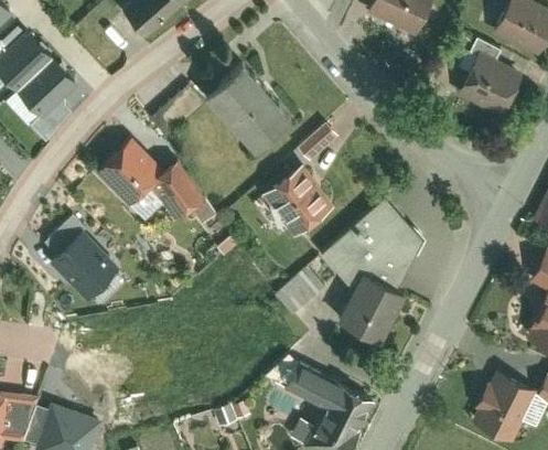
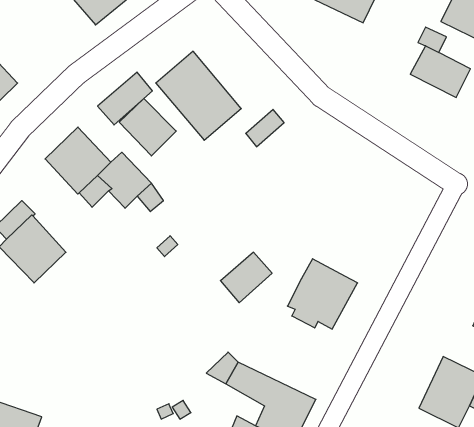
building: none -> [119,98,176,156]
building: [262,162,335,236] -> none
building: [322,196,425,291] -> none

